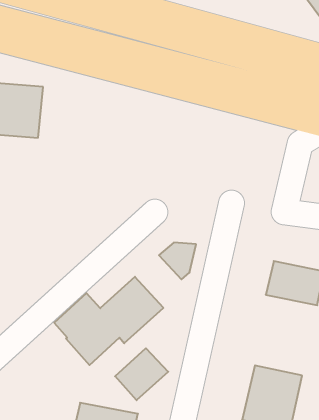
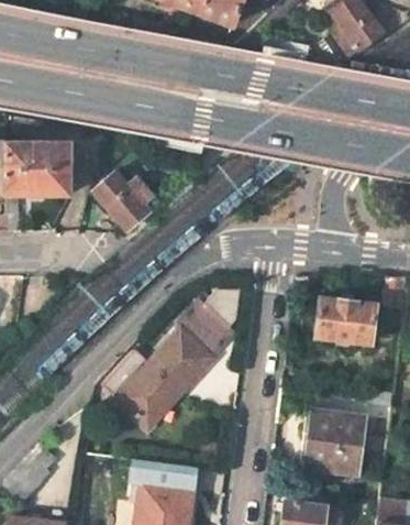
building: none -> [95,177,153,233]
building: none -> [182,305,237,359]
building: [115,348,168,400] -> none

